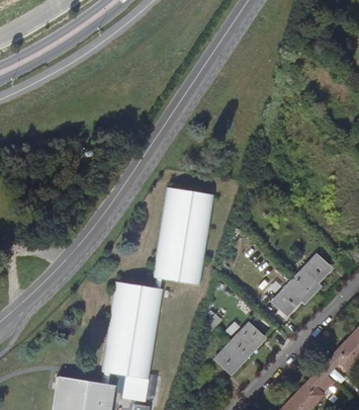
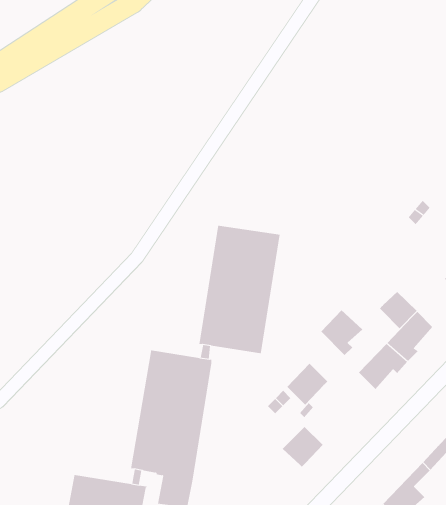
building: none -> [379,291,417,329]
building: none -> [320,309,363,356]
building: [233,322,264,354] -> [287,363,328,406]

